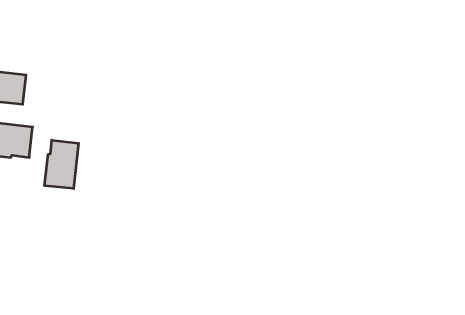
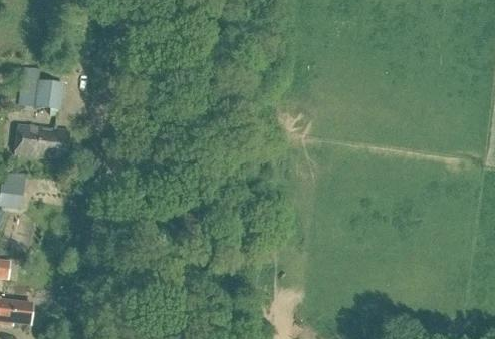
building: [45,140,79,189] -> none

